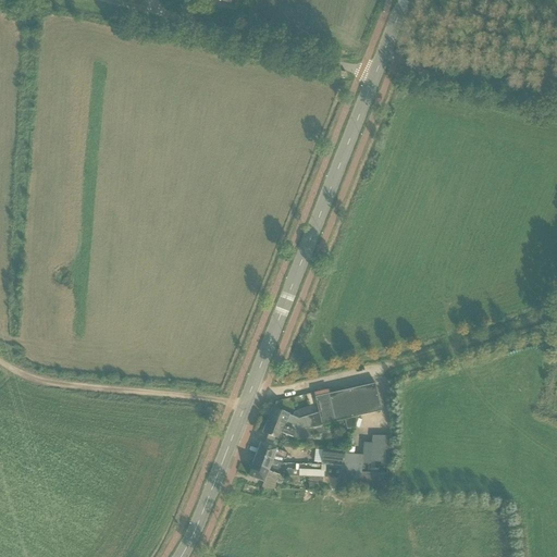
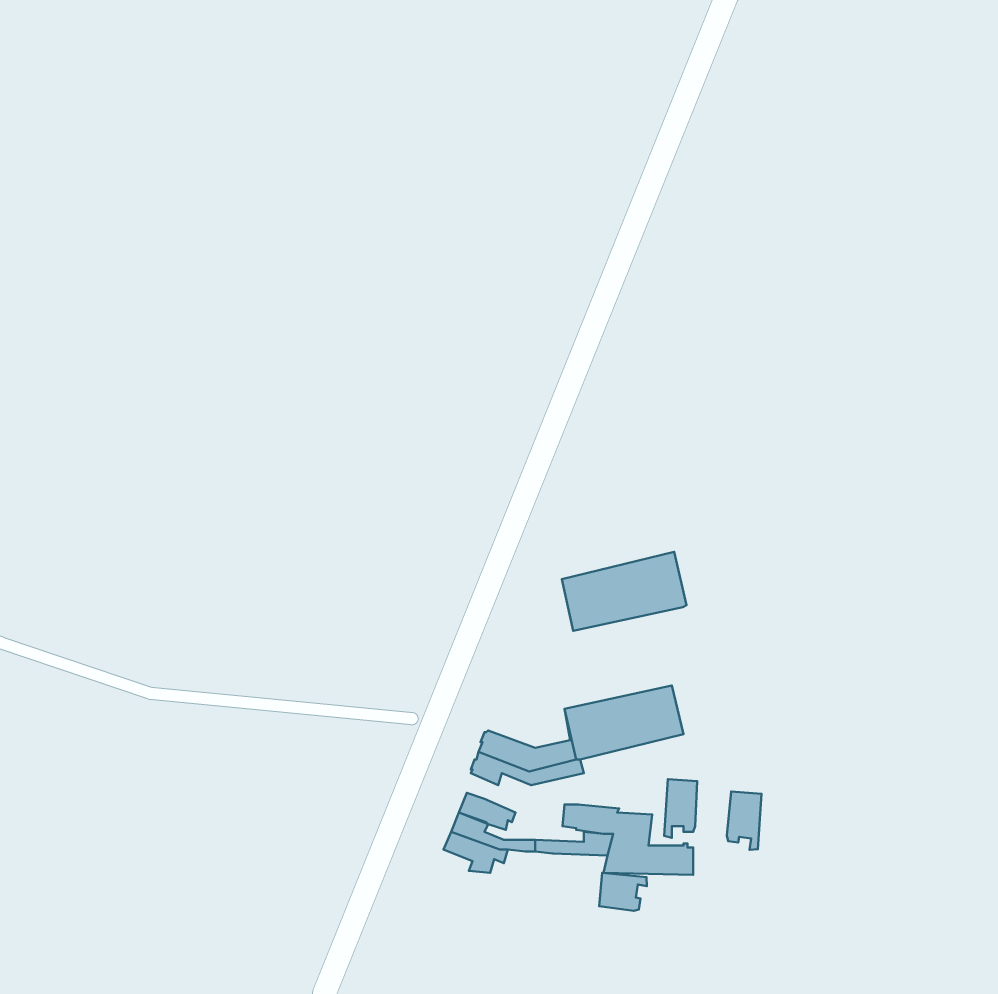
building: none -> [562,552,686,631]
building: none -> [727,792,762,850]
building: none -> [599,873,647,911]

